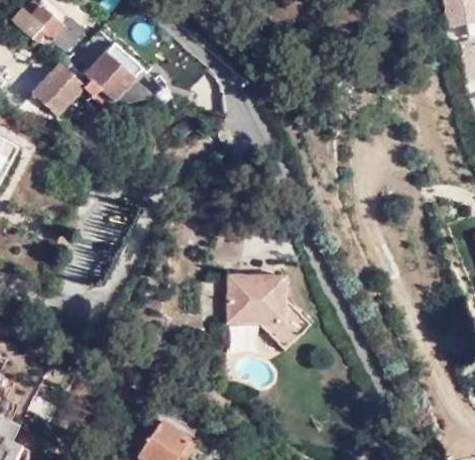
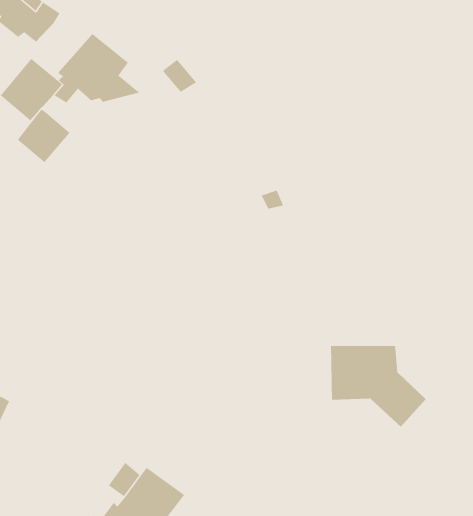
building: none -> [17,109,70,163]
building: [222,277,305,348] -> [330,345,427,427]

